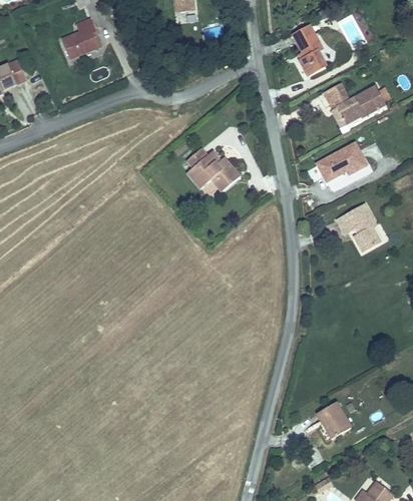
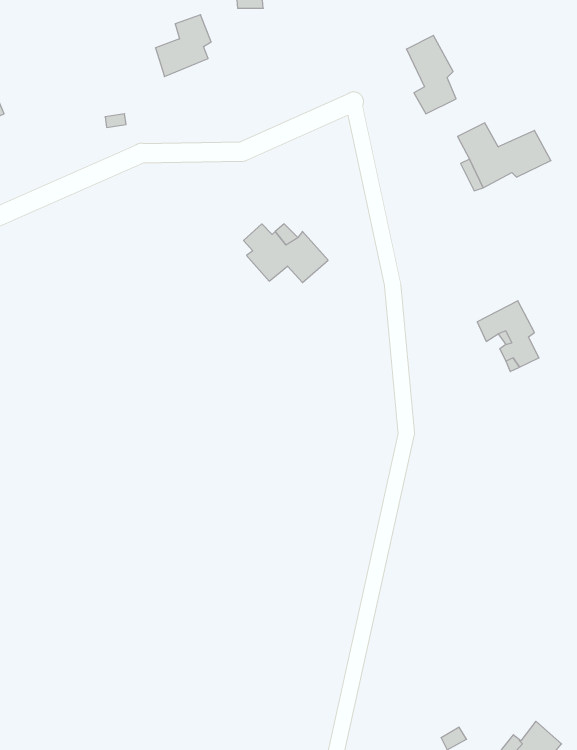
building: [69,12,106,53] -> [155,15,211,77]
building: [317,145,365,181] -> none
building: [317,408,351,445] -> none

